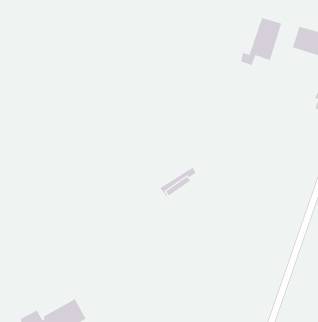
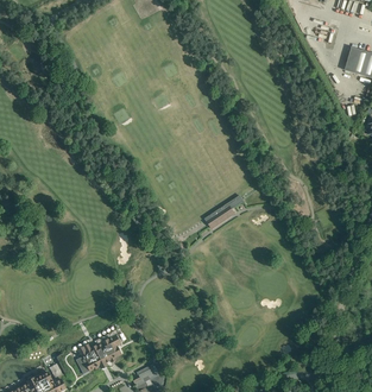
building: [241,17,282,66] -> none

